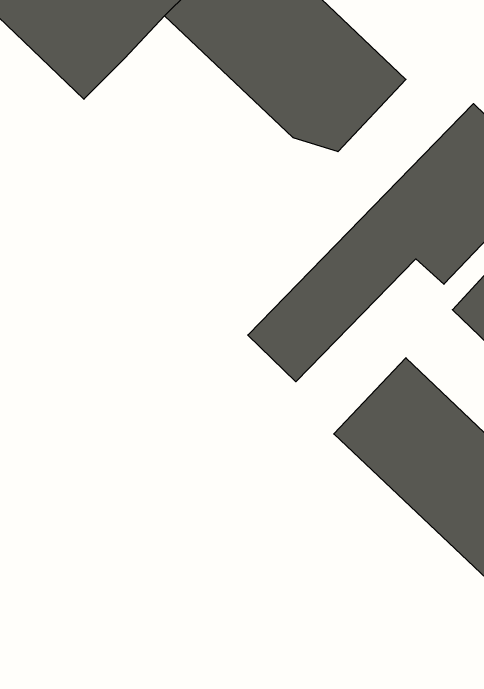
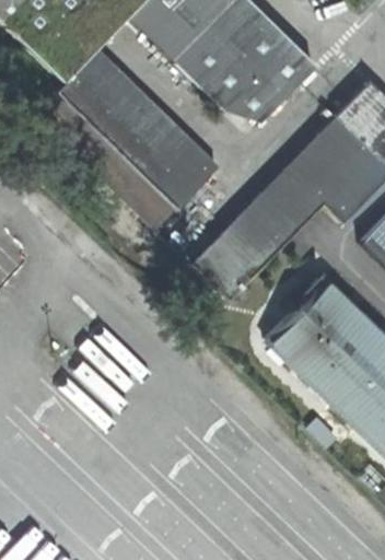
building: none -> [36,47,222,231]

